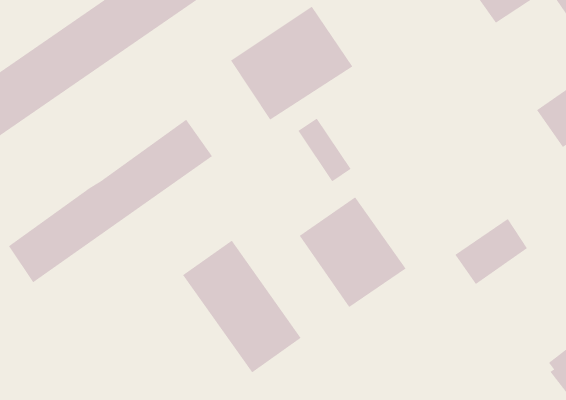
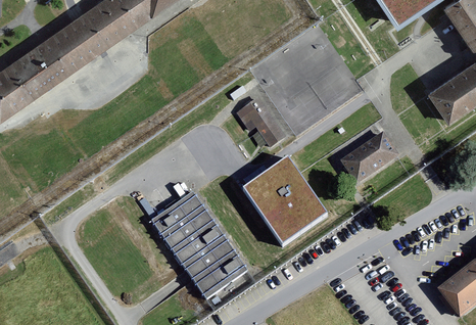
building: [230,6,353,121] -> none
building: [8,119,213,283] -> none
building: [454,218,528,285] -> [341,134,398,186]

